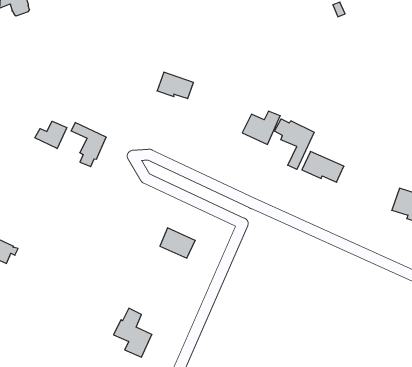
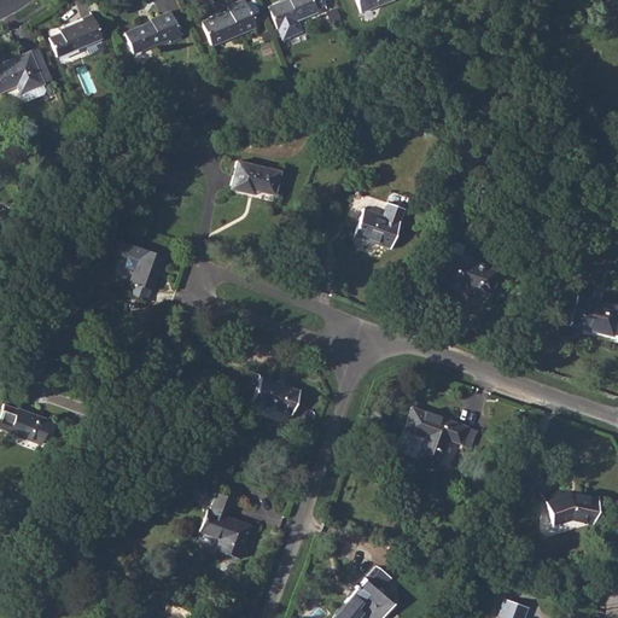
building: [275,119,314,169] -> none
building: [35,121,67,149] -> none
building: none -> [404,407,467,466]
building: none -> [546,494,599,523]

